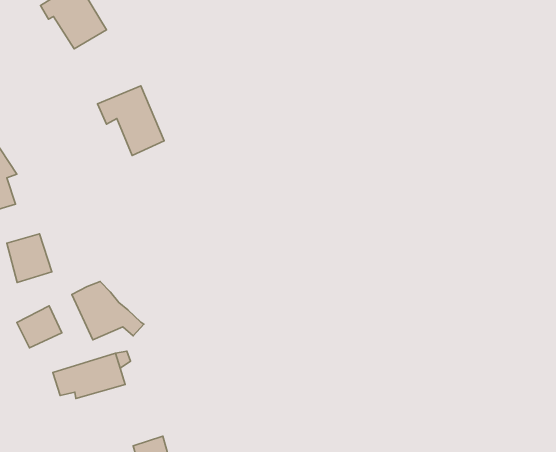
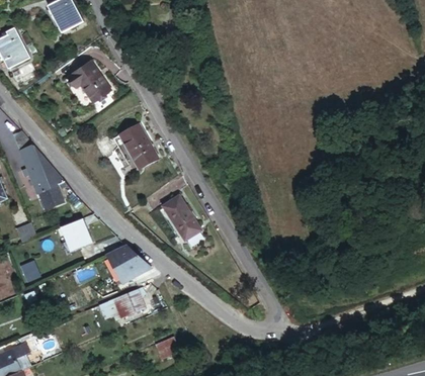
building: none -> [161,194,198,238]
building: [17,306,62,348] -> none

